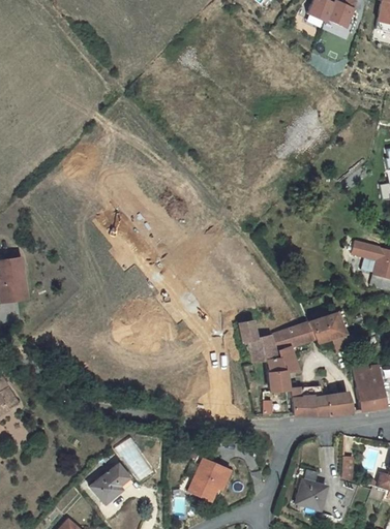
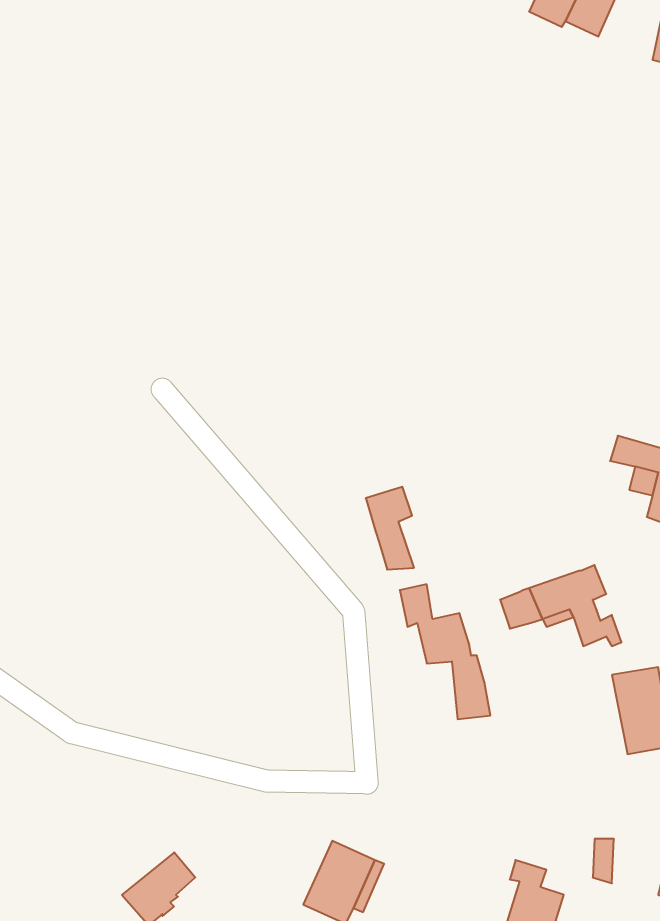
building: [273,328,299,372] -> [366,487,414,570]
building: [291,386,352,414] -> none

